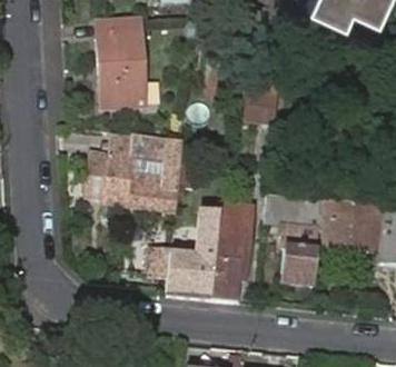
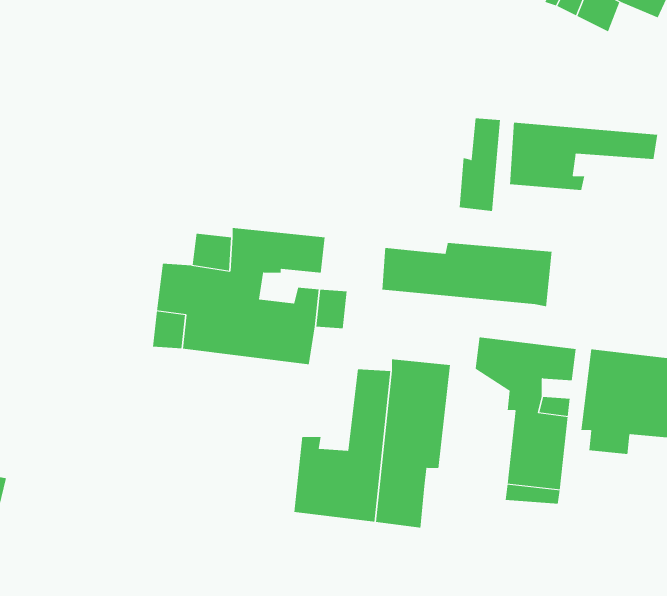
building: [97,19,141,107] -> none
building: none -> [509,122,658,191]
building: none -> [382,242,552,307]

